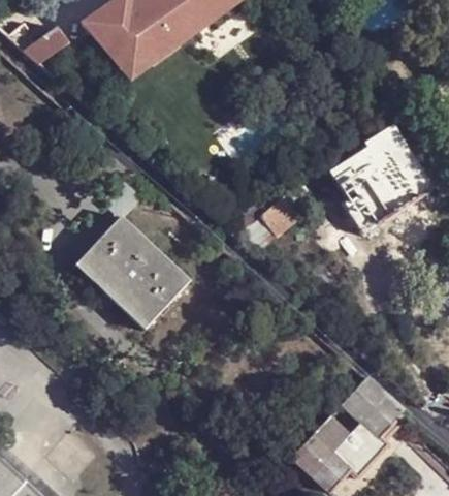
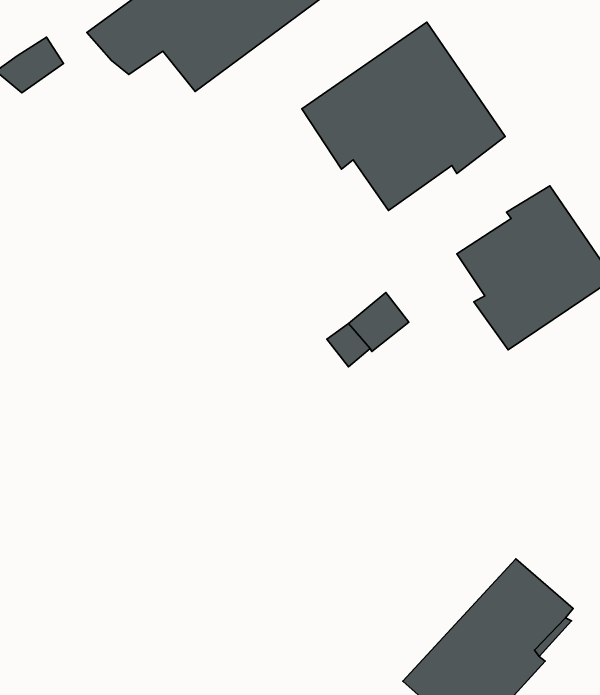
building: none -> [302,22,505,210]
building: [108,36,153,78] -> none
building: [77,214,192,327] -> none

